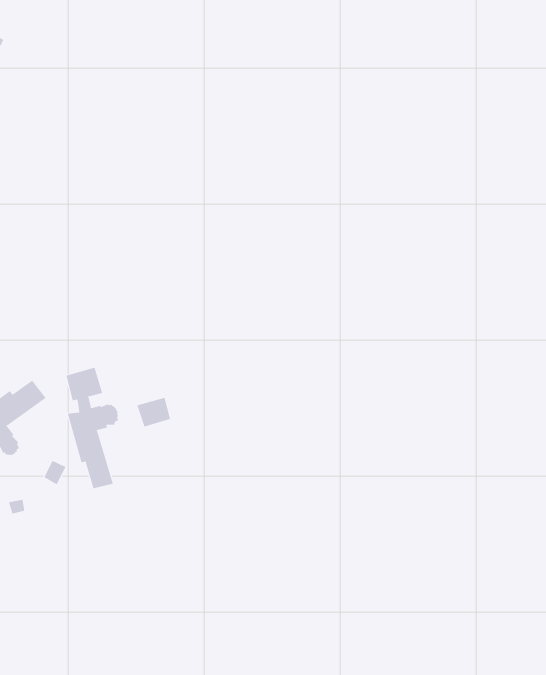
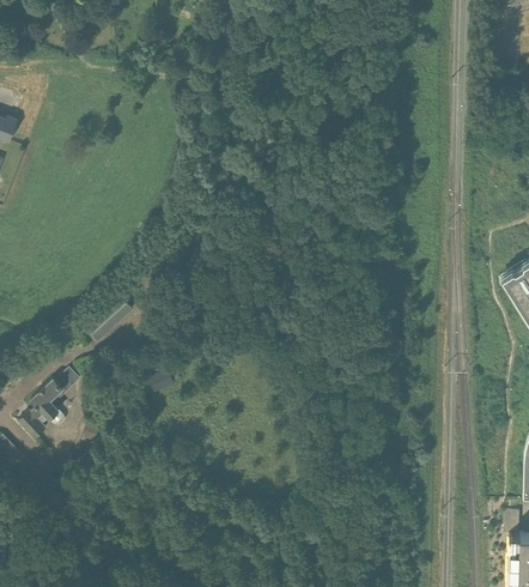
building: [66,367,118,489] -> none

